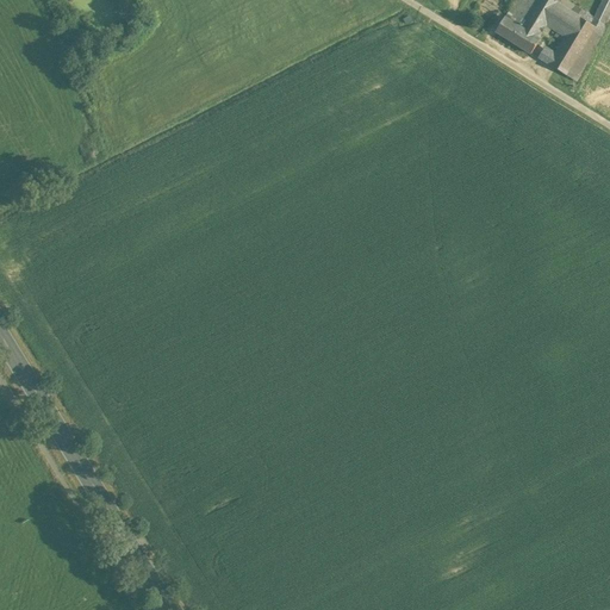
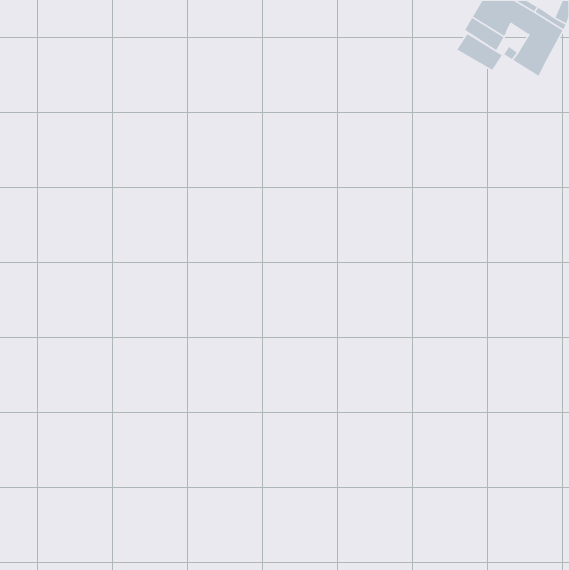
building: none -> [456,33,503,71]

